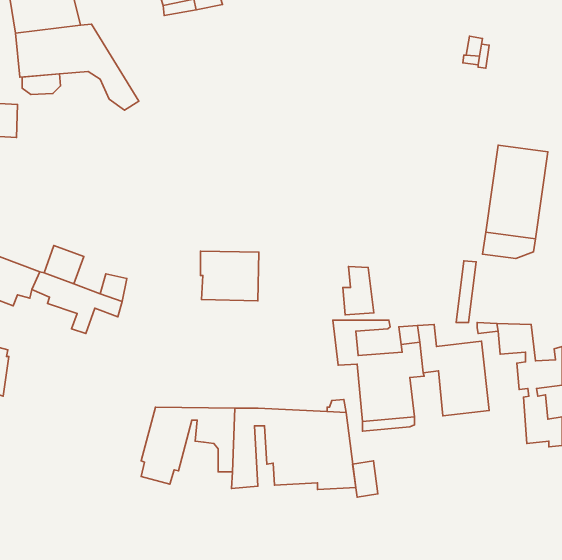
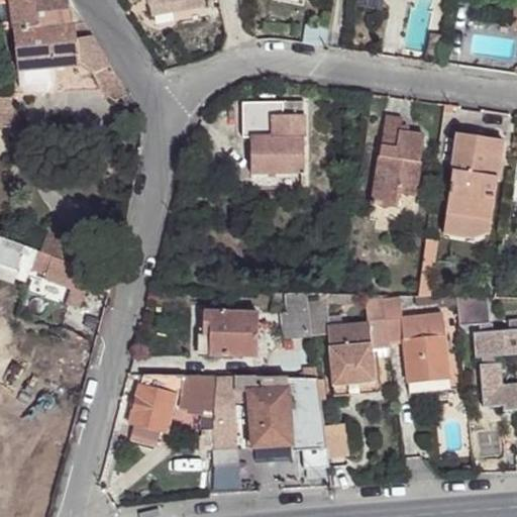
building: none -> [241,99,304,172]
building: none -> [373,114,423,206]
building: [201,251,259,301] -> [203,310,256,355]
building: [343,266,374,315] -> [282,293,310,337]

